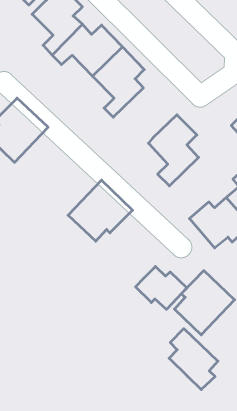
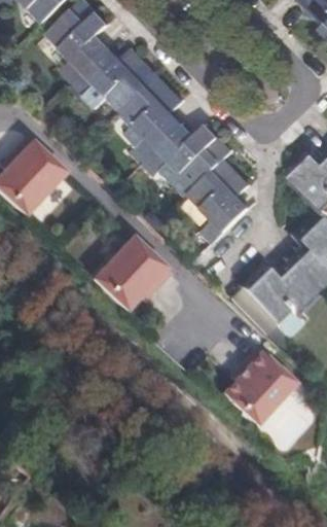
building: none -> [148,124,233,197]
building: [136,266,187,309] -> none
building: [169,329,218,390] -> none

